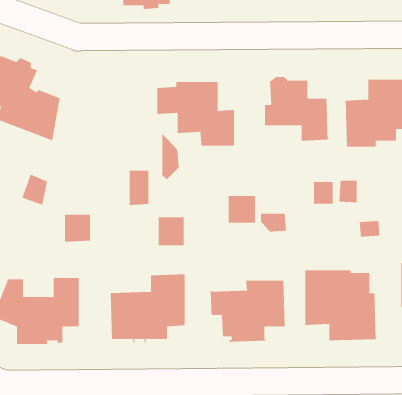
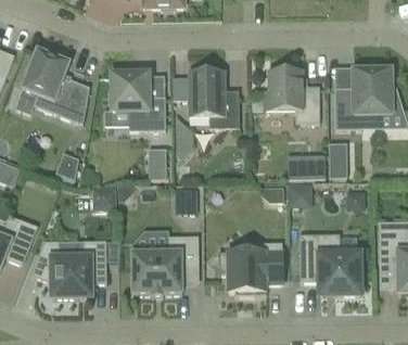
building: none -> [109,69,165,129]
building: [228,195,256,223] -> [288,181,311,205]

